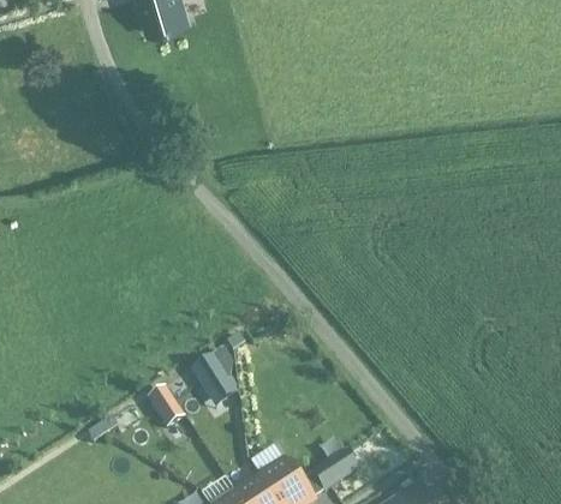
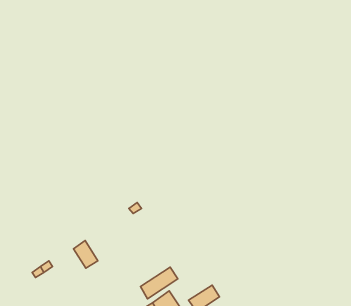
building: [189,346,229,397] -> none
building: none -> [140,267,178,299]

